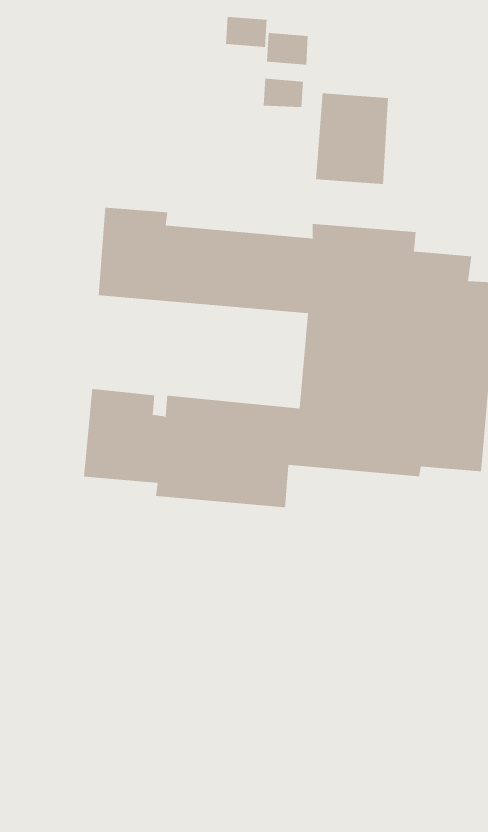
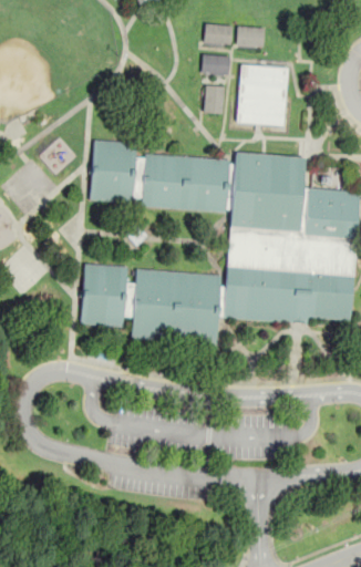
building: [225,16,268,47] -> [236,25,265,47]
building: none -> [203,85,225,114]

